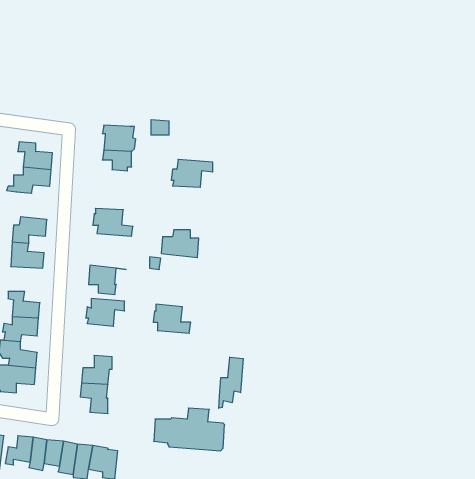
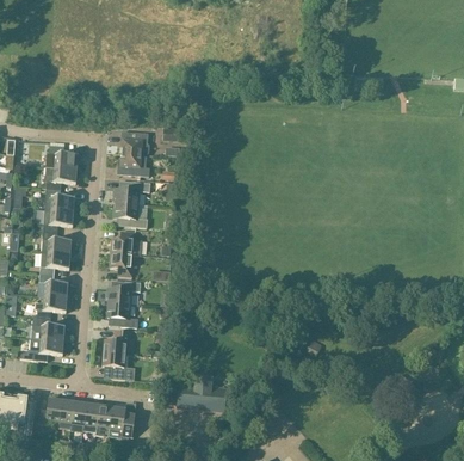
building: [171,159,213,187] -> [113,179,149,203]
building: none -> [44,188,74,211]
building: [161,230,199,258] -> [110,230,142,254]
building: none -> [39,252,69,273]
building: [153,304,191,333] -> [105,301,137,326]
building: [219,357,243,408] -> none

